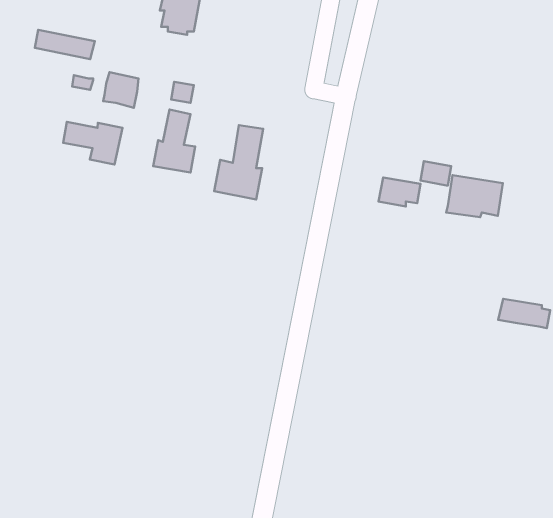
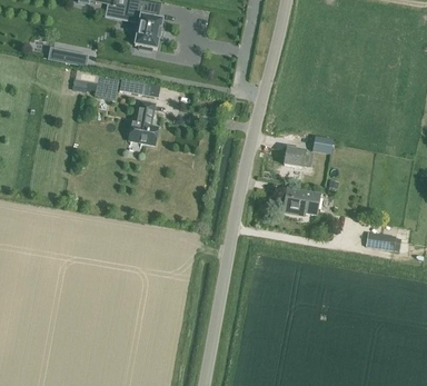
building: [63,122,123,165] -> none
building: [214,125,263,200] -> none
building: [446,175,503,217] -> [281,187,320,216]

